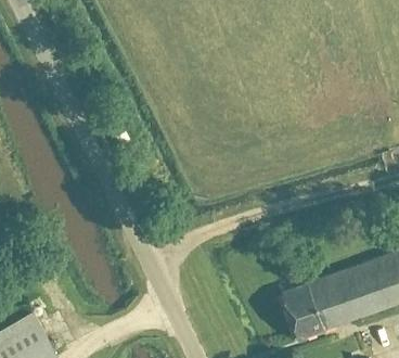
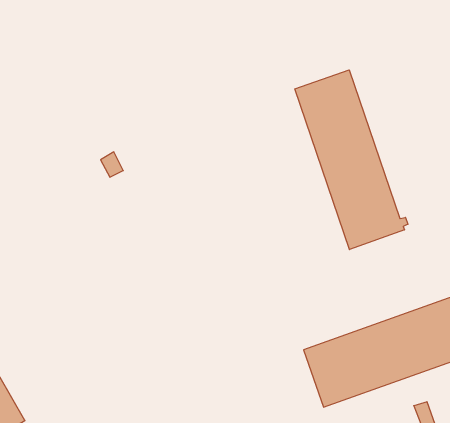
building: none -> [295,70,408,250]

